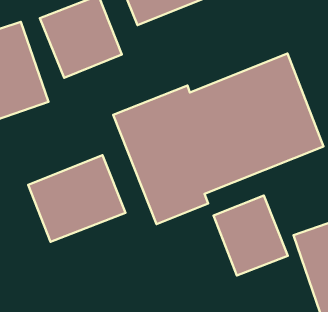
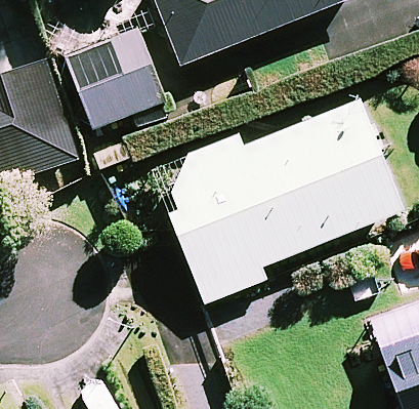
building: [28,155,125,242] -> none
building: [214,195,288,276] -> none

